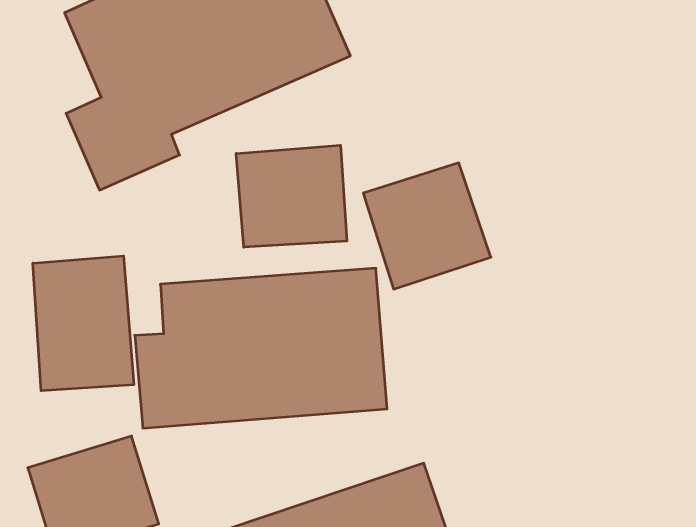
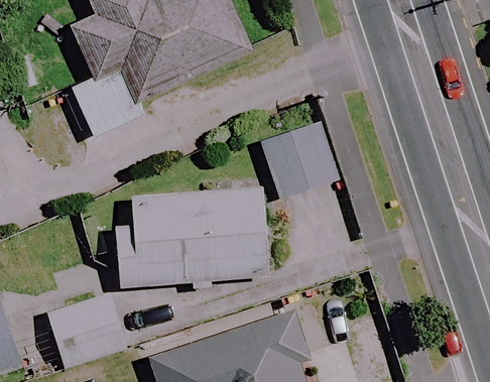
building: [236,145,347,247] -> none
building: [33,256,134,391] -> none

